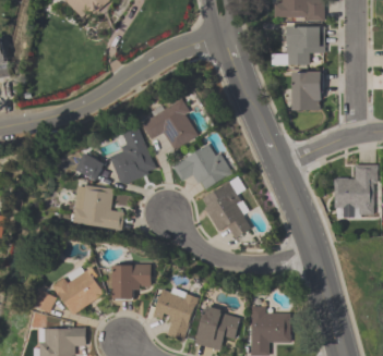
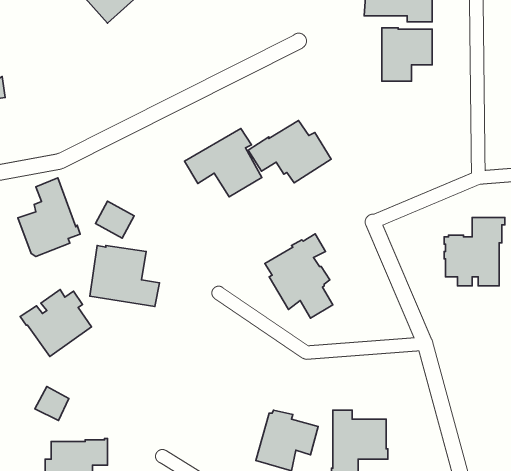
building: [292,71,322,110] -> none
building: [110,126,156,184] -> [18,178,80,256]
building: [171,144,232,189] -> [248,121,331,183]
building: [112,263,151,298] -> none
building: [51,266,104,315] -> [20,290,91,356]
building: [152,290,199,341] -> none

